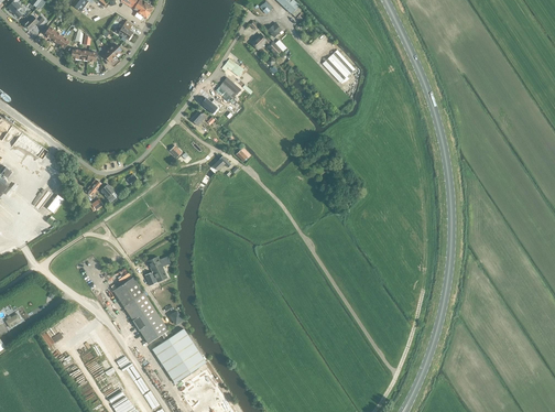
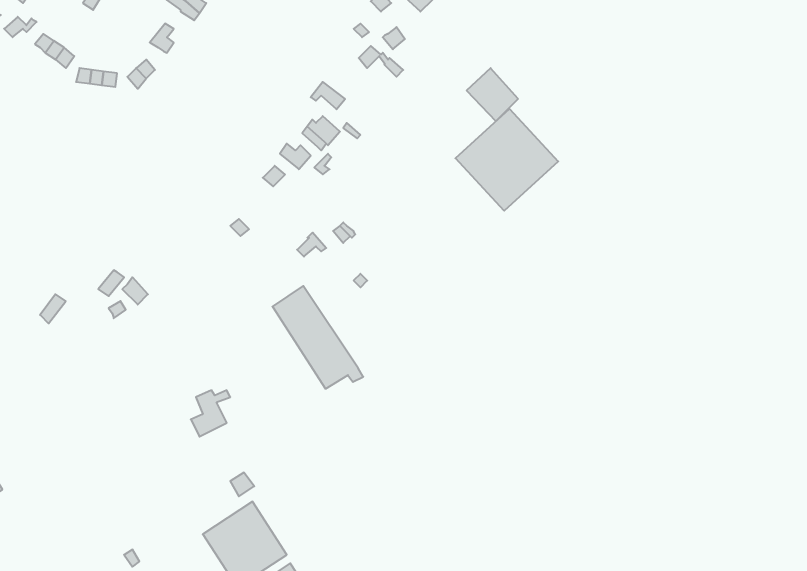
building: none -> [455,109,558,211]
building: [113,278,172,344] -> [272,286,363,389]

